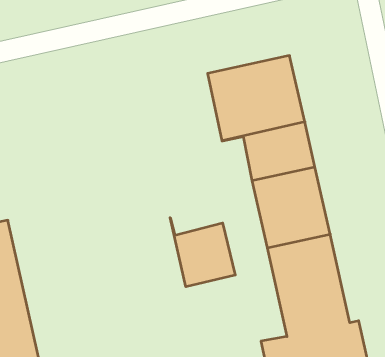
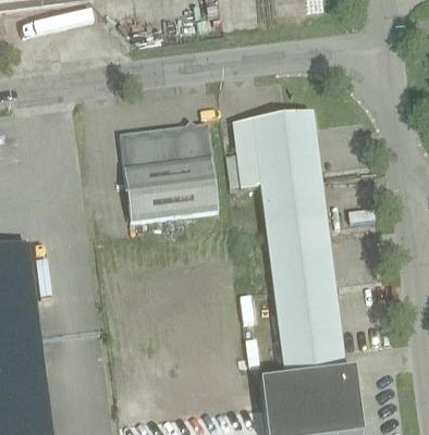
building: none -> [120,119,220,216]
building: [170,218,235,287] -> none

